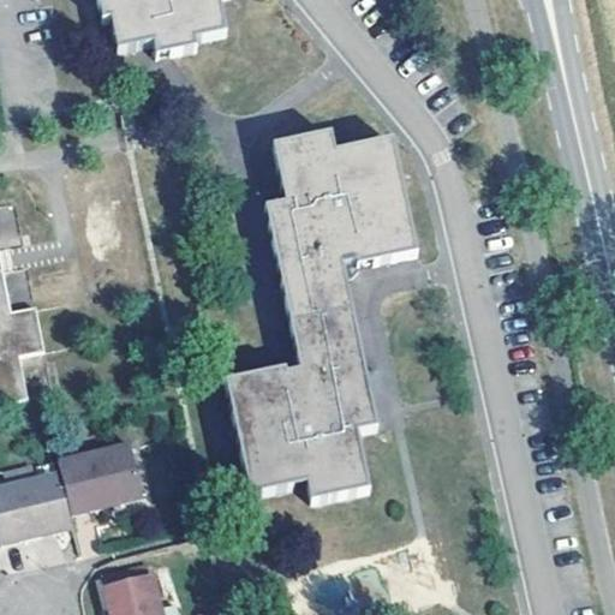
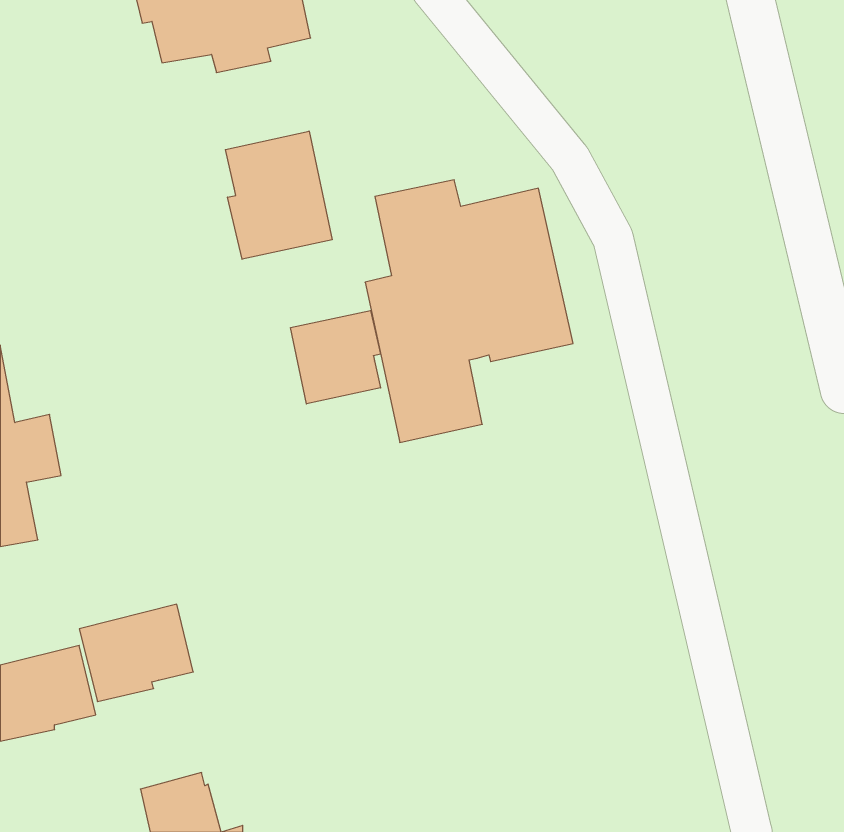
building: none -> [225,131,332,259]
building: none -> [291,311,381,404]
building: [226,309,376,500] -> none

